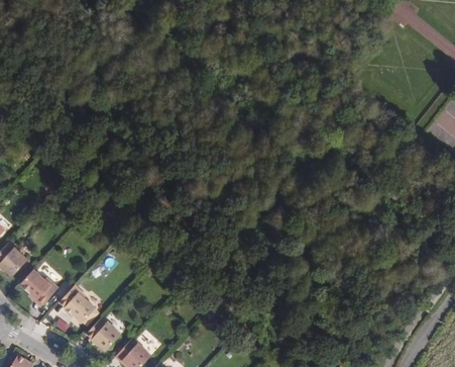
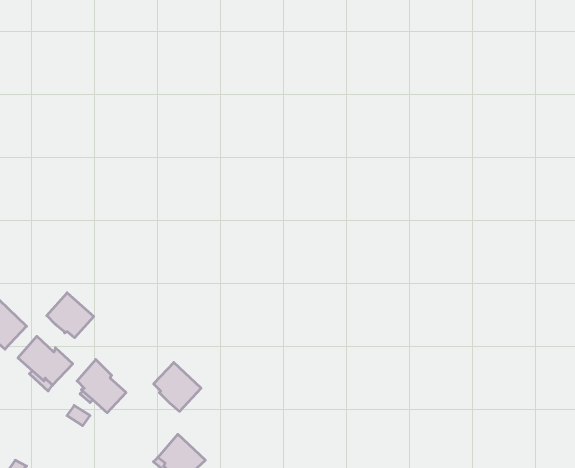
building: none -> [47,293,94,338]
building: [88,316,121,351] -> [154,362,201,411]

